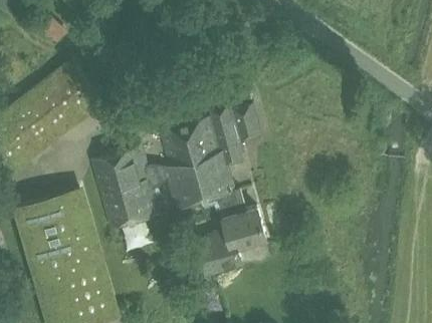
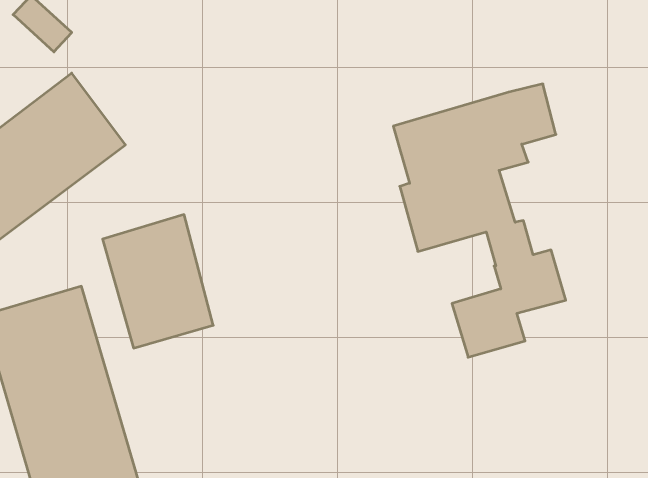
building: [160,106,266,275] -> [393,84,566,357]

